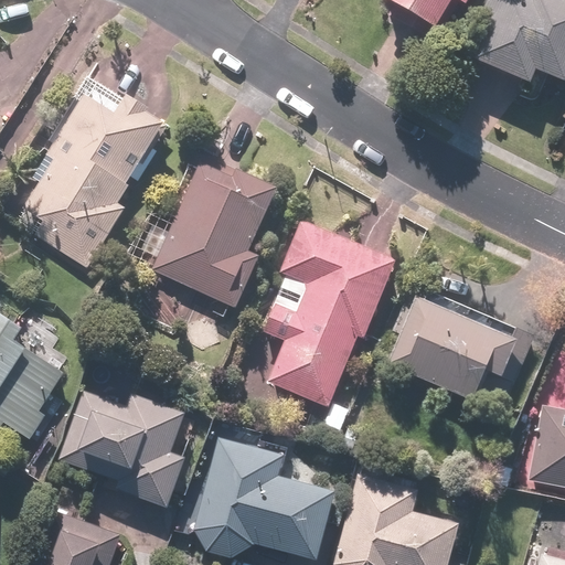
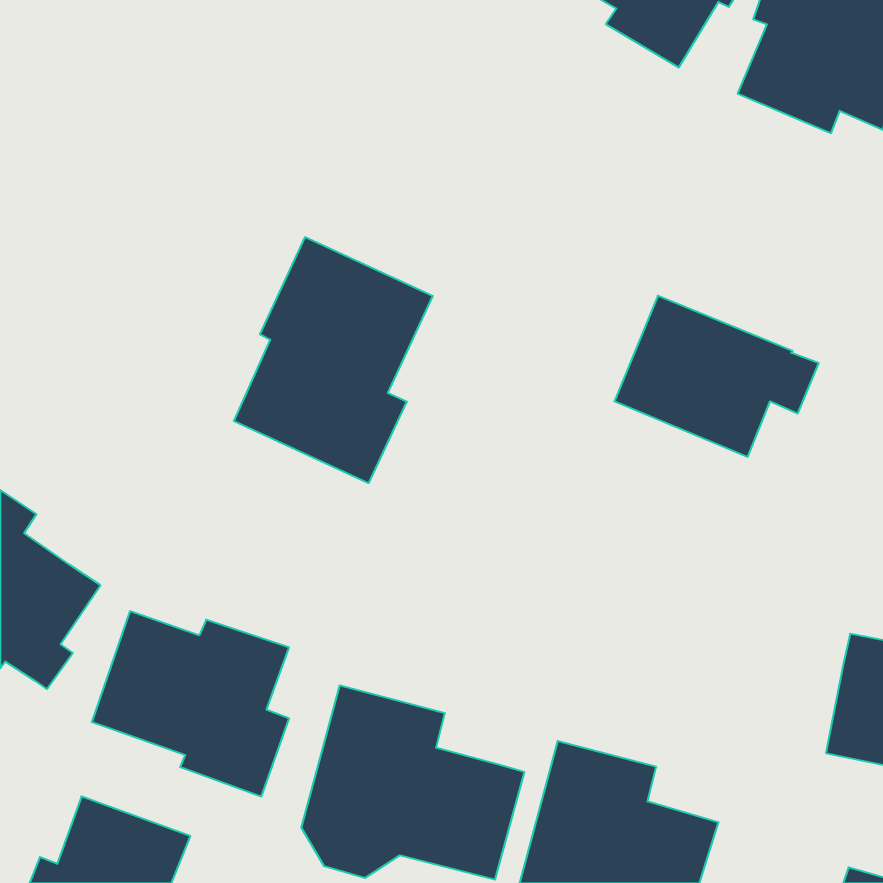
building: [23,94,166,269] -> none
building: [268,221,395,407] -> none
building: [387,297,518,399] -> [614,296,819,457]

